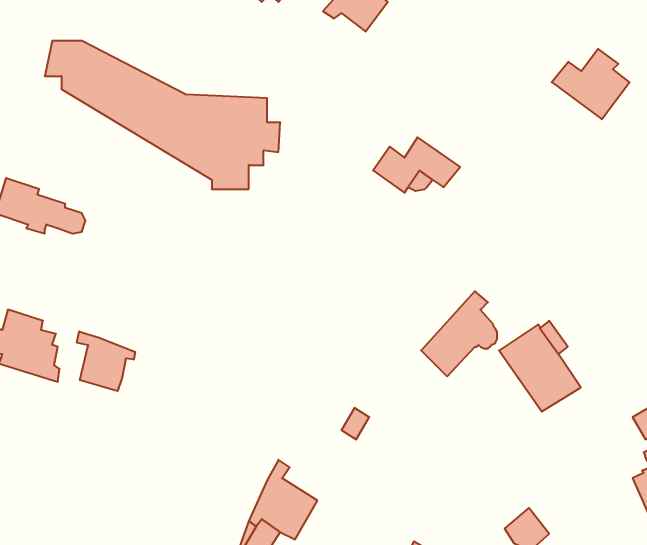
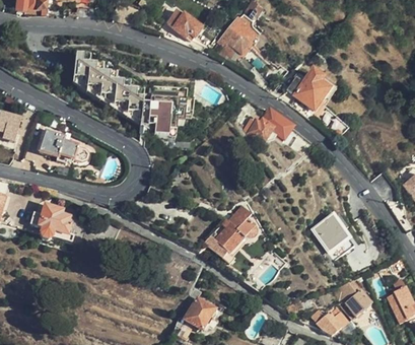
building: [552,49,630,119] -> [285,71,328,110]
building: [421,291,497,376] -> [215,207,257,254]
building: [77,331,135,391] -> none
building: none -> [343,285,370,317]

